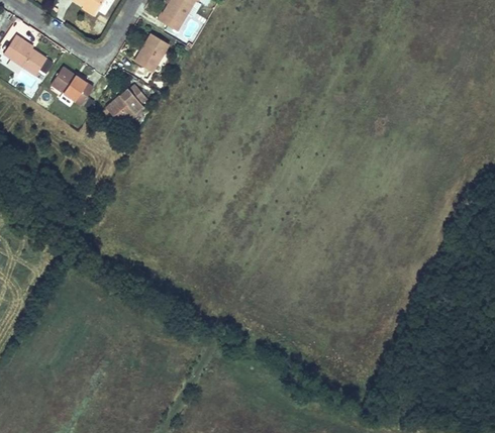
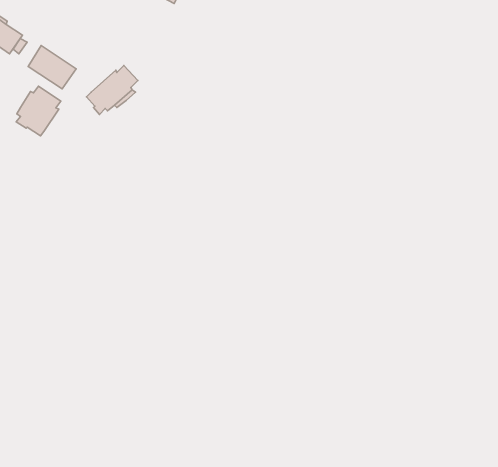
building: [134,33,169,72] -> none
building: none -> [16,86,61,136]

